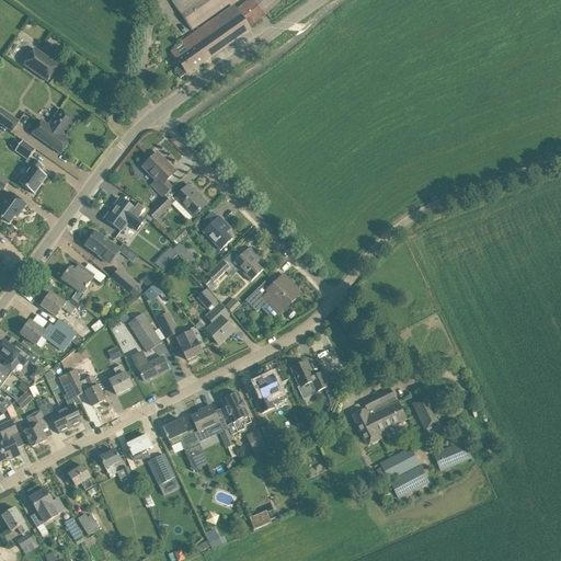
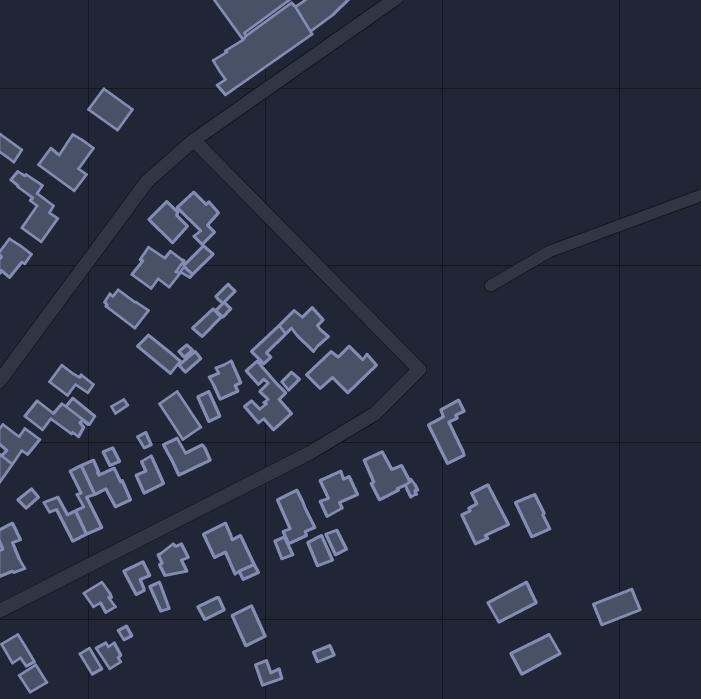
building: [22,47,57,80] -> [89,89,133,130]
building: [173,183,204,216] -> [149,201,187,243]
building: [202,215,231,249] -> none
building: [60,263,104,293] -> none
building: [178,328,203,358] -> [209,361,241,399]
building: [352,393,380,444] -> [428,400,464,463]
building: [191,404,218,439] -> none
building: [23,409,46,445] -> none
building: [433,440,470,469] -> [593,589,640,625]
building: [379,447,419,479] -> [511,634,560,674]
building: [147,453,173,484] -> [232,606,265,646]
building: [28,488,64,522] -> none

